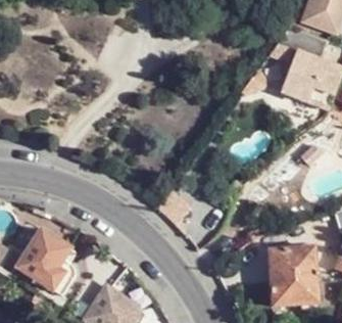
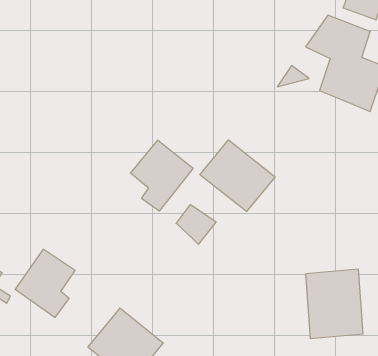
building: none -> [200,140,275,212]
building: none -> [130,140,193,211]

